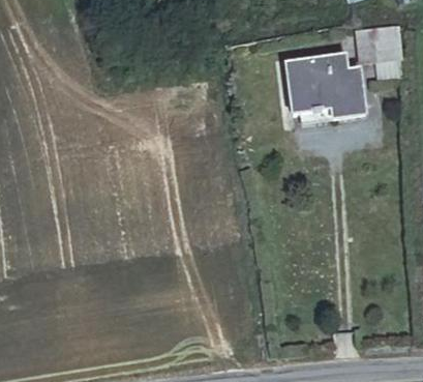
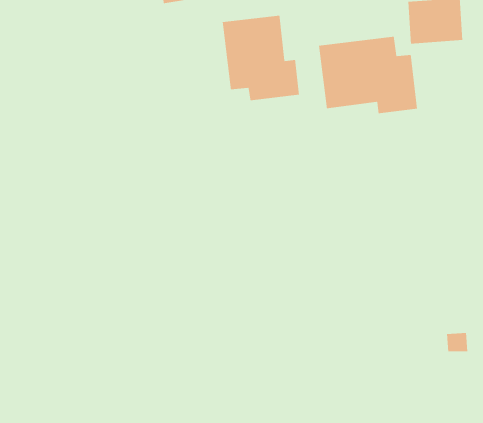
building: none -> [222,15,300,101]

